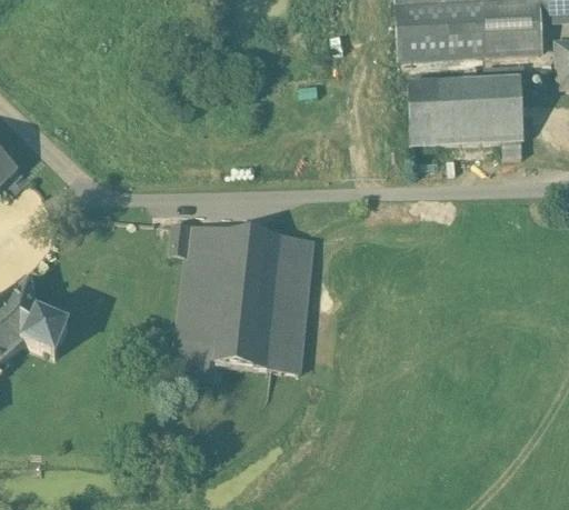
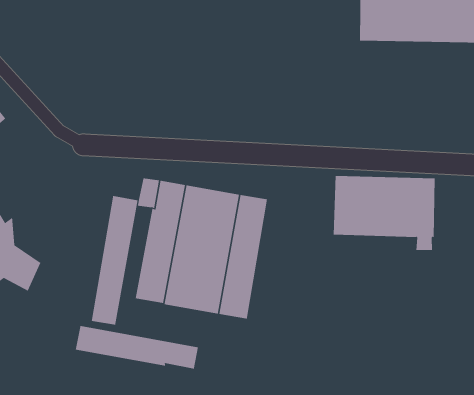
building: [411,74,526,156] -> [333,175,436,251]
building: none -> [91,195,138,326]
building: none -> [75,325,198,370]

